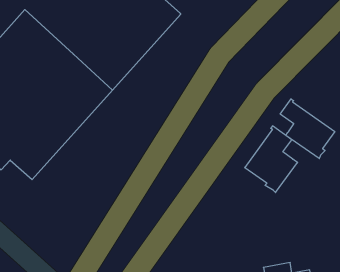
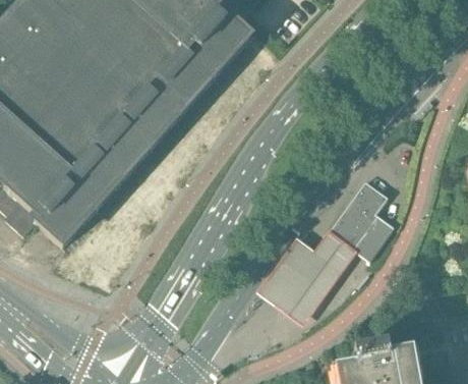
building: [280,99,335,159] -> none
building: none -> [260,224,359,319]

